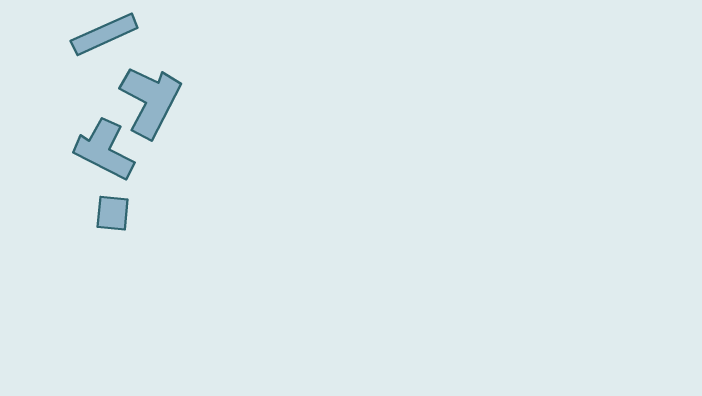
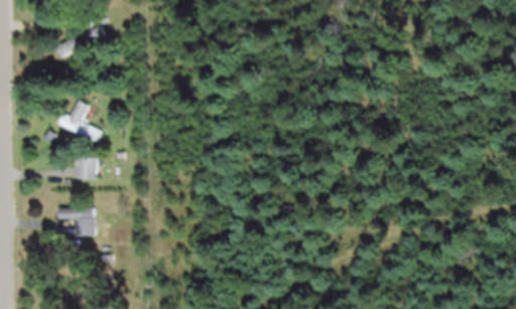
building: [119,69,181,141] -> none
building: none -> [57,207,94,236]

